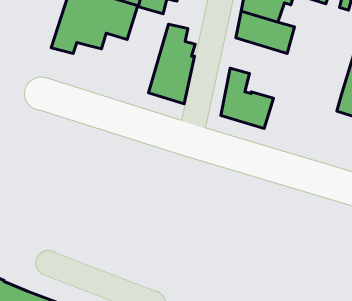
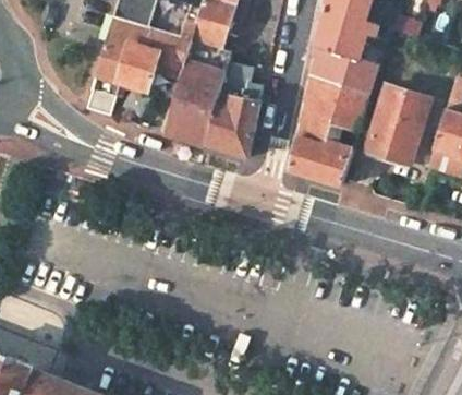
building: none -> [165,40,231,143]
building: none -> [302,77,369,130]
building: none -> [367,85,429,159]

